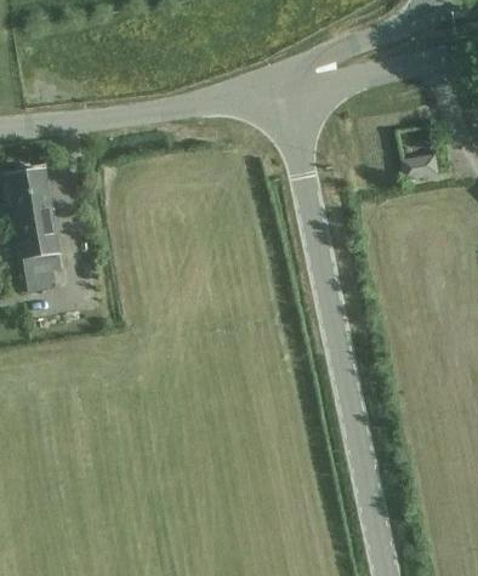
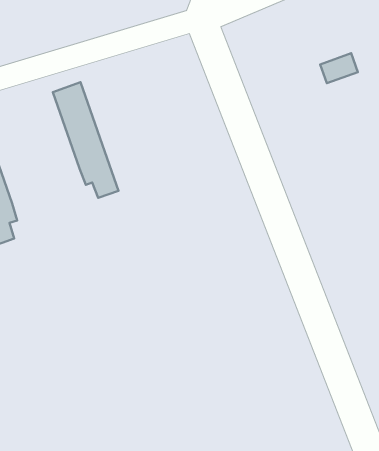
building: none -> [53,82,119,198]

